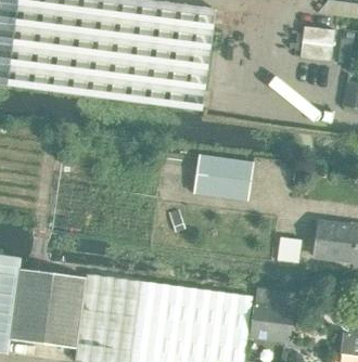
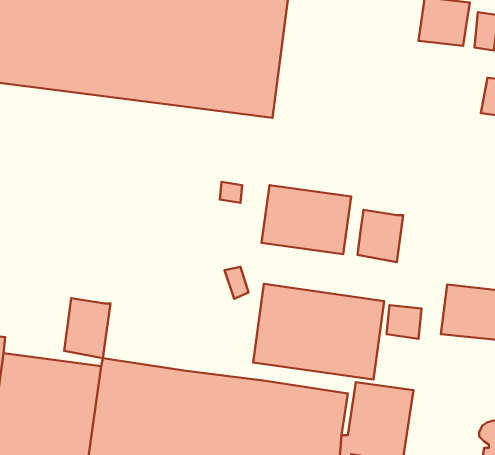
building: none -> [357,210,403,262]
building: none -> [253,284,384,380]
building: none -> [64,298,110,358]

